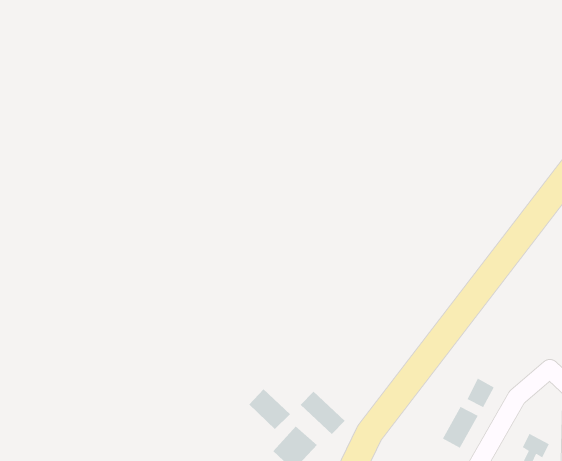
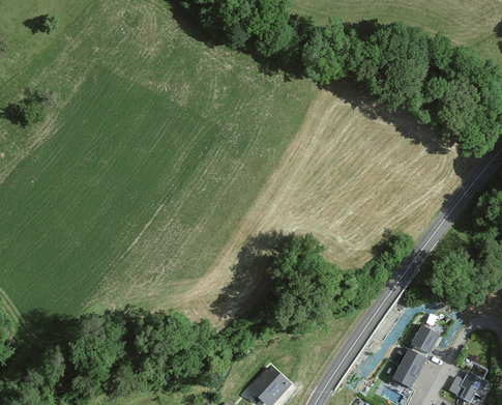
building: [249,388,291,430] -> none
building: [300,391,346,435] -> none

